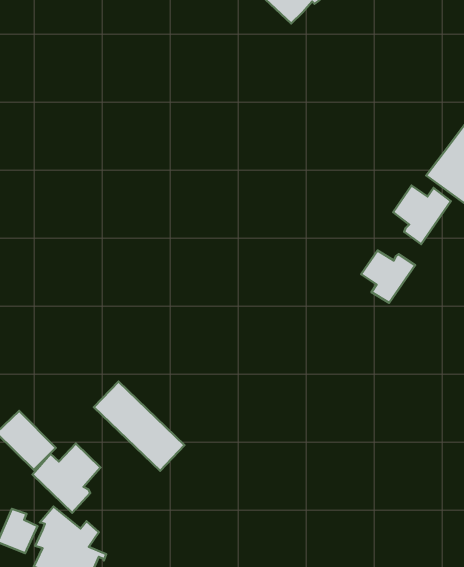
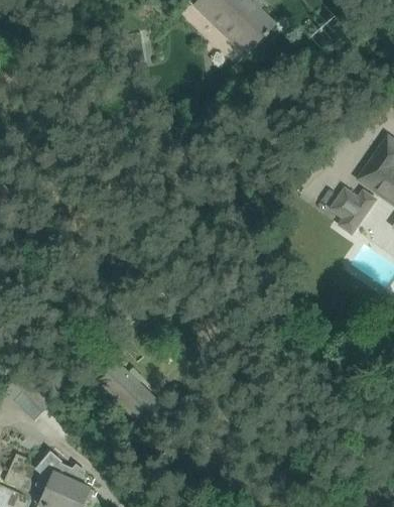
building: [361,250,415,303] -> none
building: [33,444,100,513] -> none

